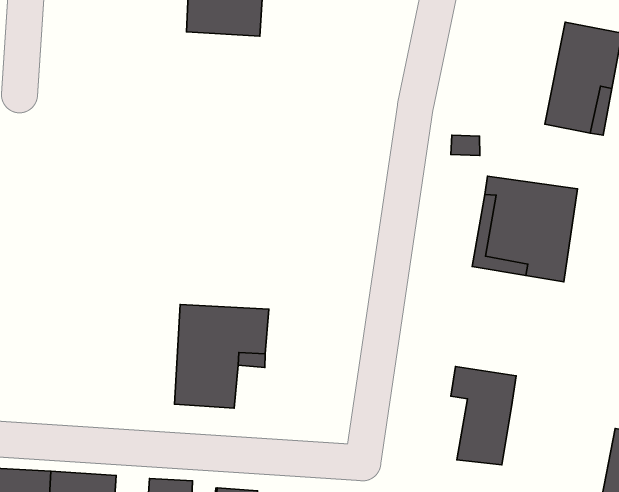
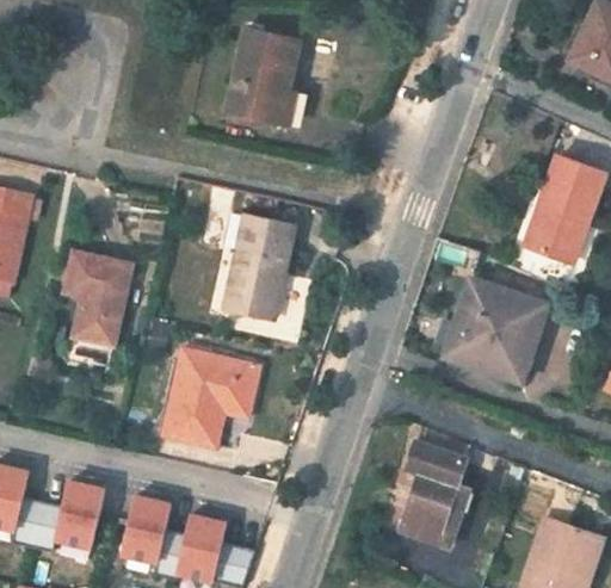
building: none -> [224,211,296,318]
building: none -> [67,252,134,345]
building: none -> [400,485,469,547]

